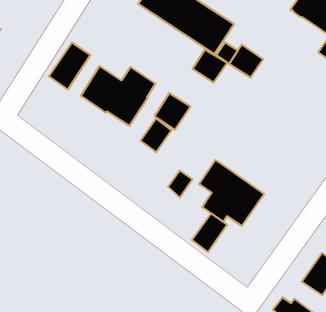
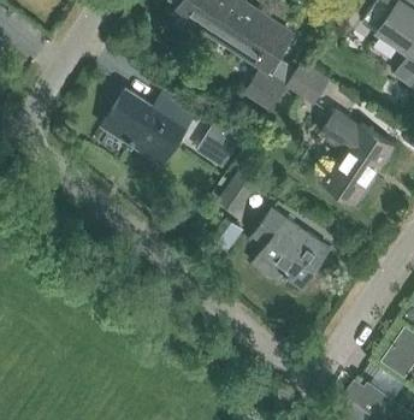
building: [49,42,90,89] -> none
building: none -> [321,111,395,205]
building: [141,118,172,152] -> [217,171,255,213]
building: [192,214,227,252] -> none

